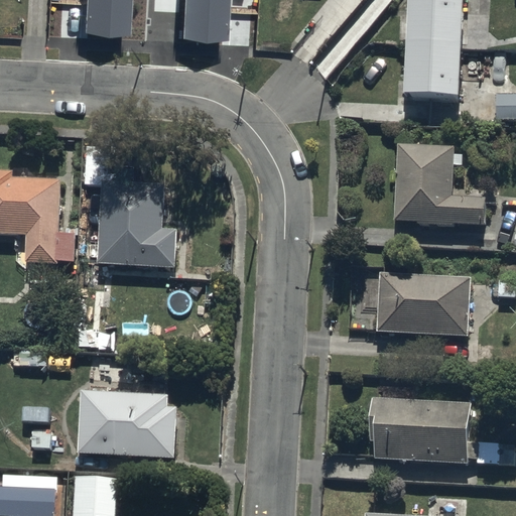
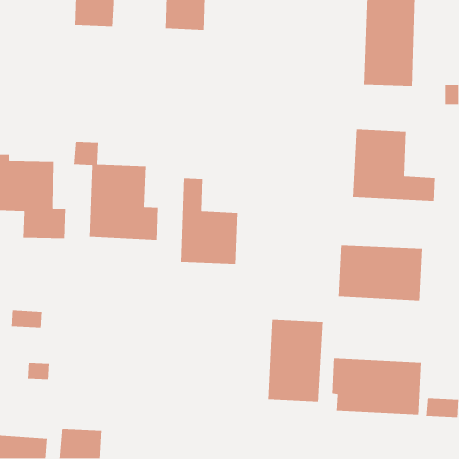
building: none -> [180,177,238,265]
building: none -> [268,319,324,403]
building: [76,390,177,458] -> none

